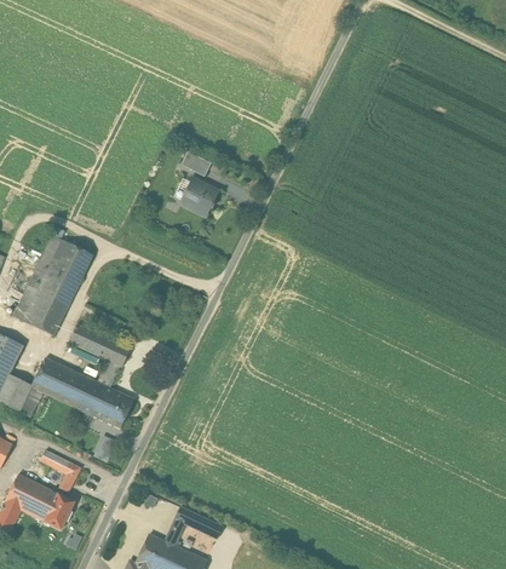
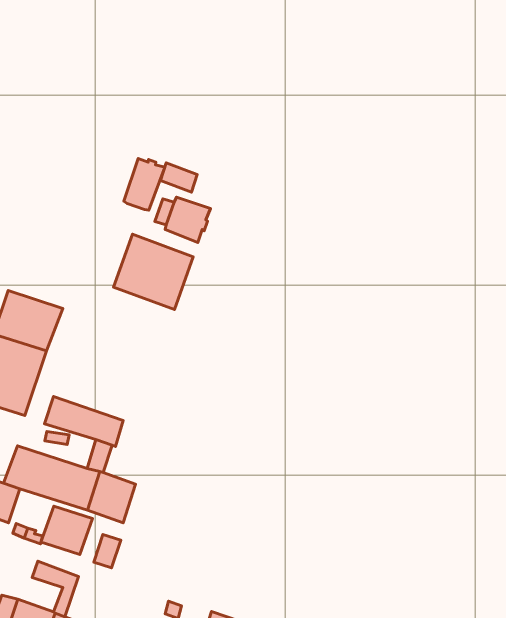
building: none -> [124,159,165,210]
building: none -> [114,234,193,310]
building: none -> [41,506,92,555]

